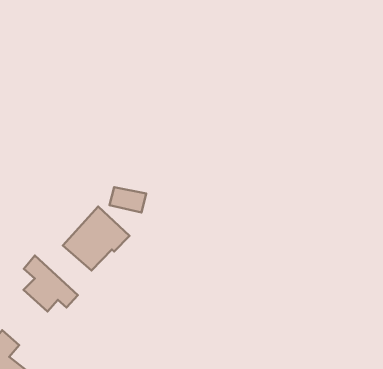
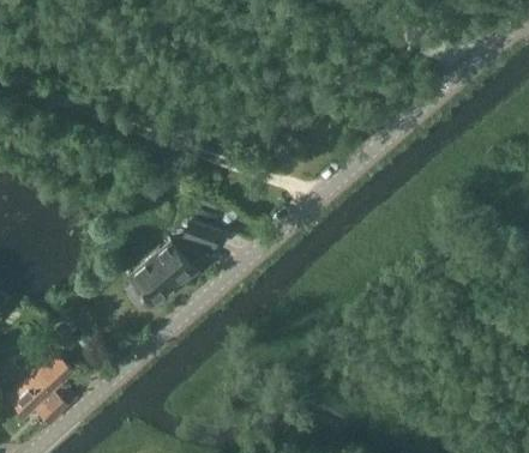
building: [24,256,78,311] -> none

